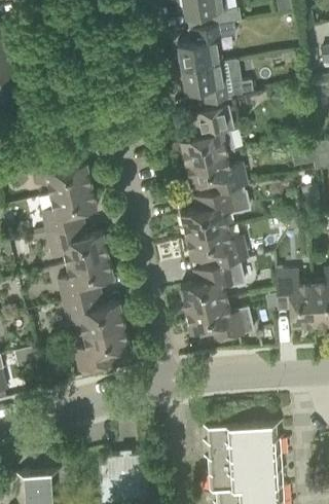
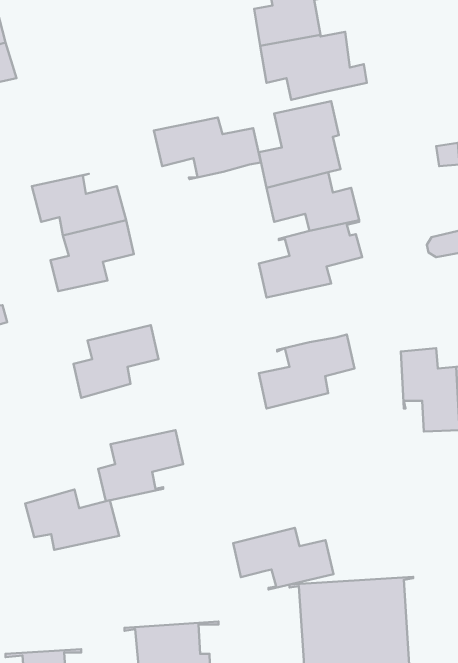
building: none -> [154,117,261,179]
building: [46,225,108,265] -> none
building: [185,227,248,266] -> none
building: [62,294,124,334] -> [25,489,119,550]
building: [185,300,252,341] -> [233,528,333,590]

